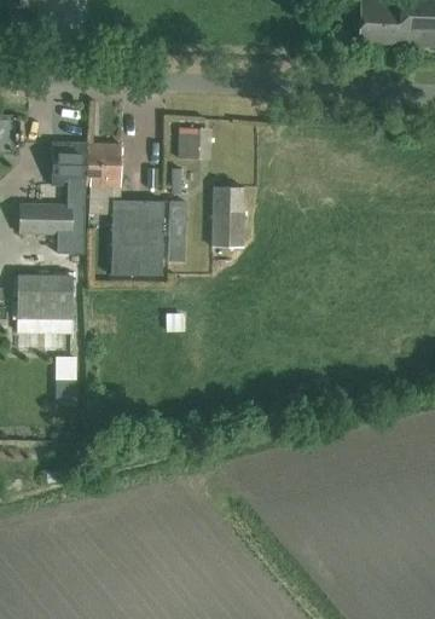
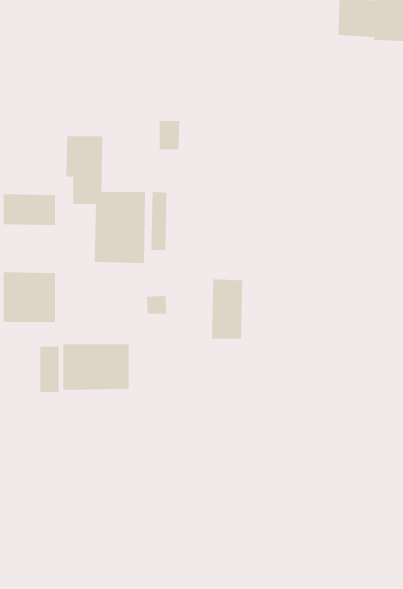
building: [51,141,86,201] -> none
building: [211,185,244,247] -> [211,279,243,339]
building: none -> [63,344,129,390]

